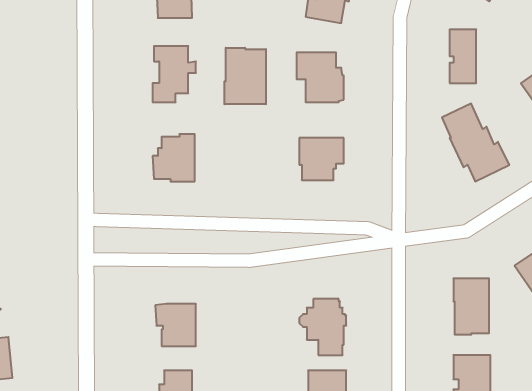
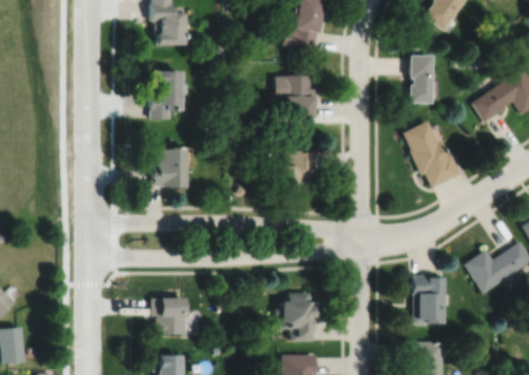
building: [224,48,266,104] -> none

